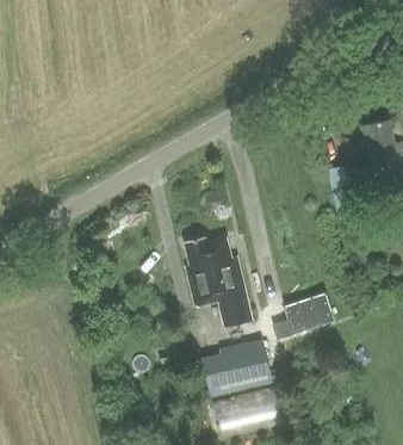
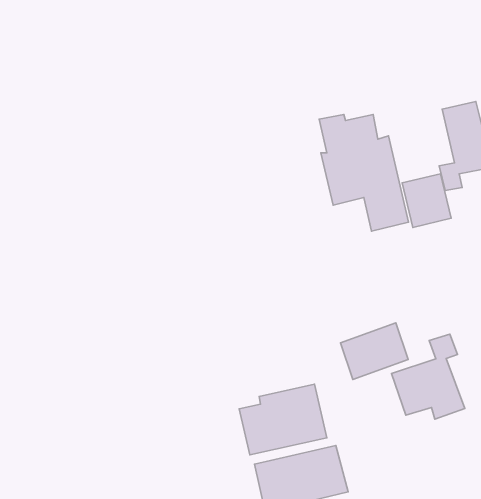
building: [184,236,253,327] -> [319,114,408,231]
building: none -> [391,334,465,419]

